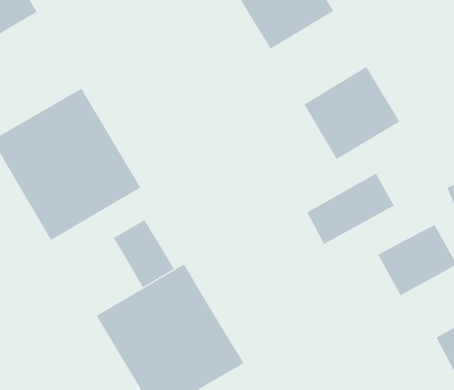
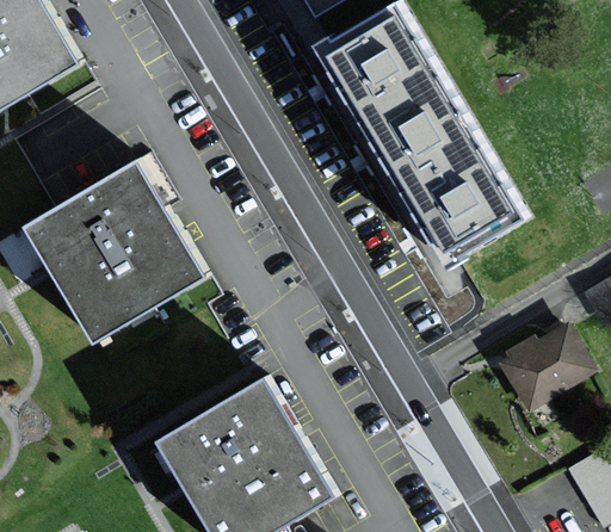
building: none -> [362,68,479,181]
building: [306,173,395,245] -> none
building: [113,219,175,288] -> none

